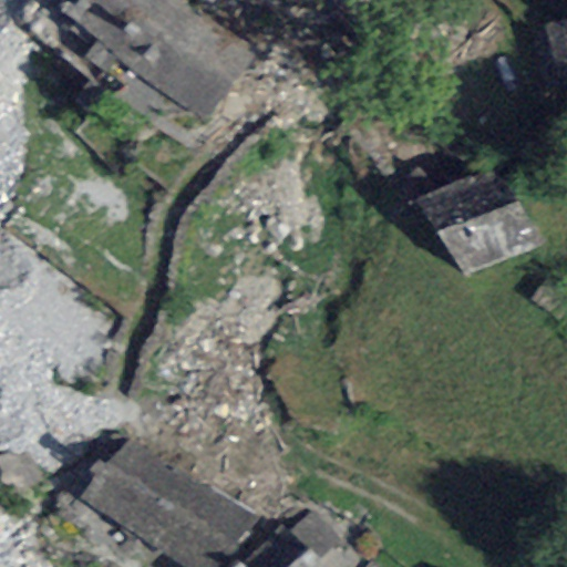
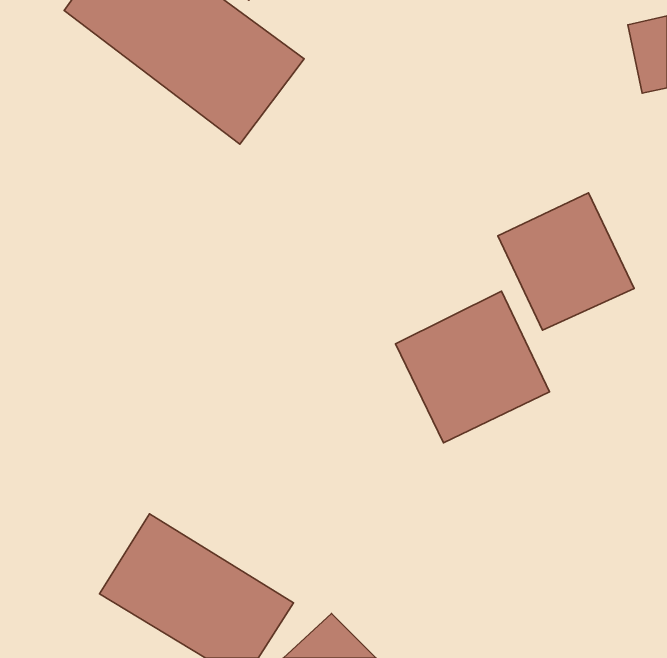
building: none -> [395,291,550,443]

